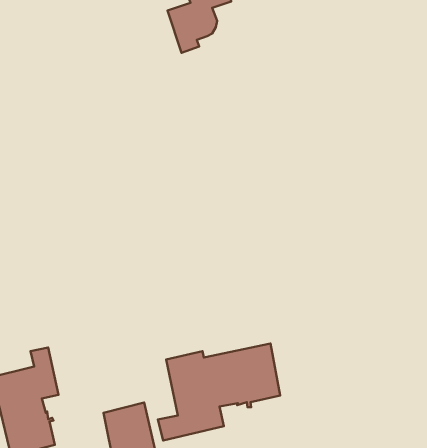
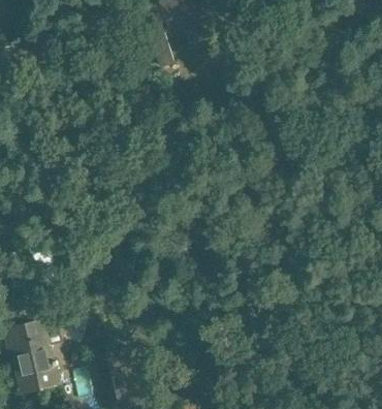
building: [158,344,280,440] -> none

